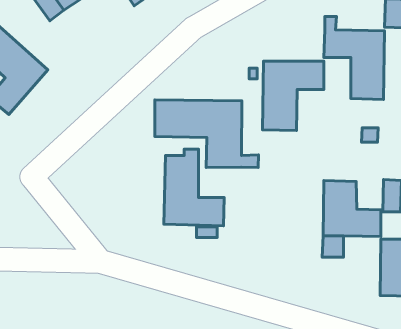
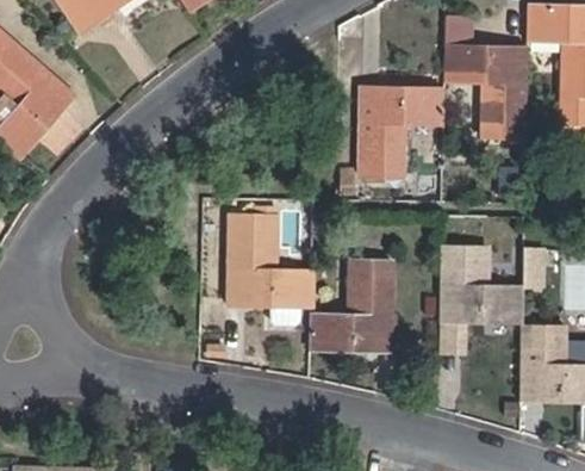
building: [155,100,259,168] -> none
building: none -> [309,259,393,351]

